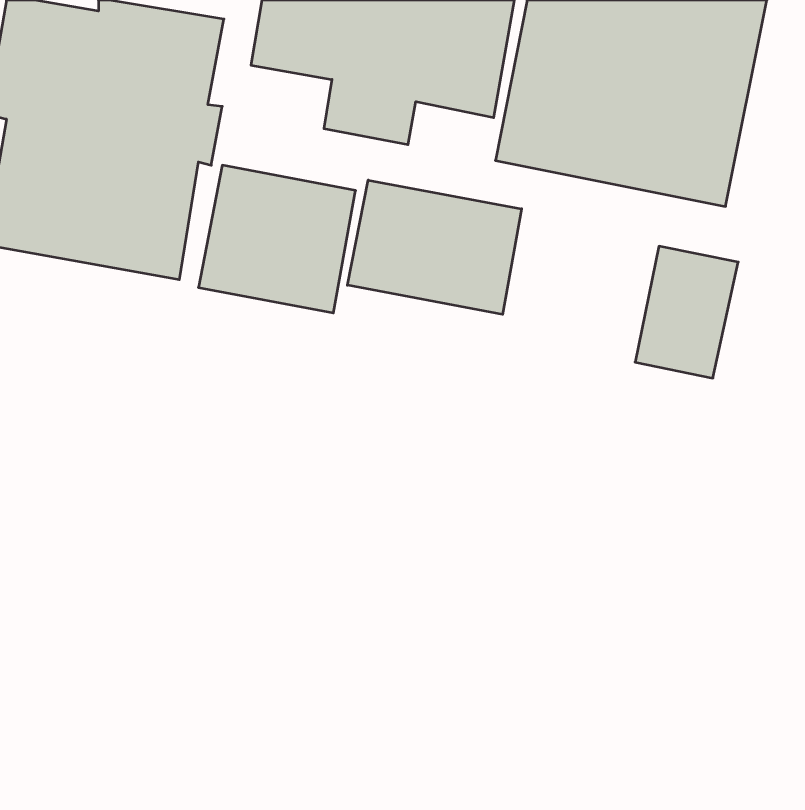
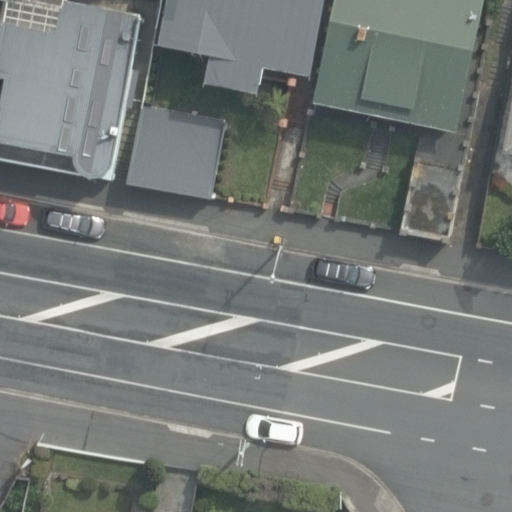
building: [347,180,522,314] -> none

